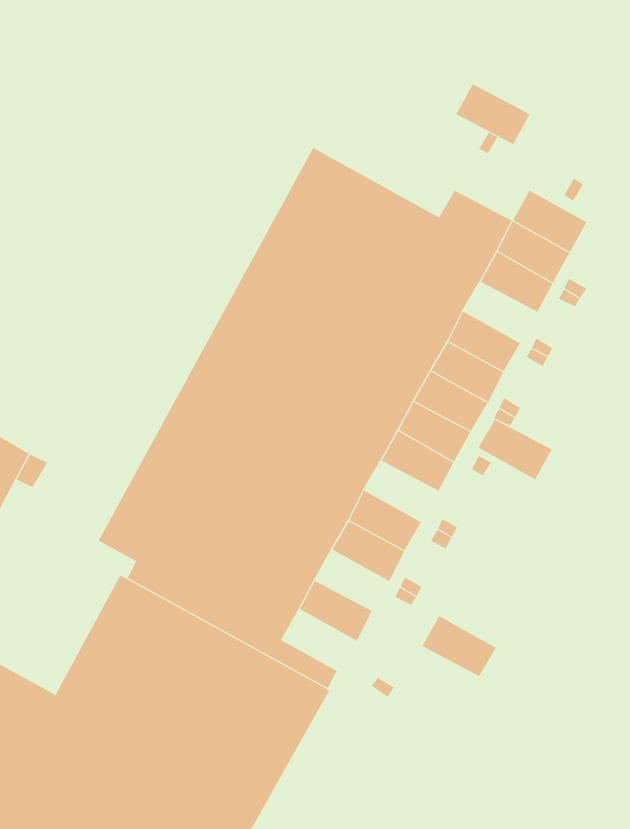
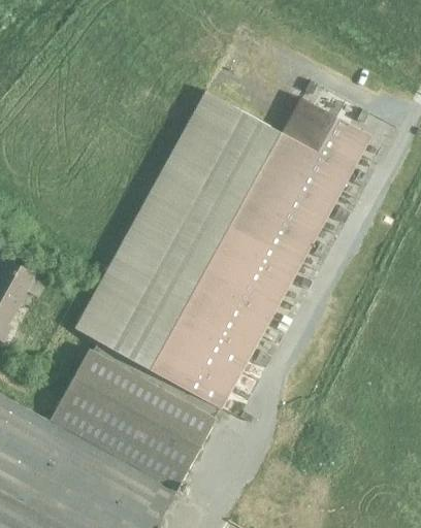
building: [455,83,531,145] -> [290,98,335,135]
building: none -> [295,172,341,209]
building: [478,419,553,480] -> [235,280,281,318]
building: none -> [186,370,231,408]
building: [422,615,497,677] -> [205,334,251,371]

